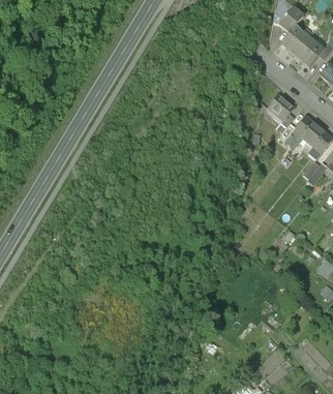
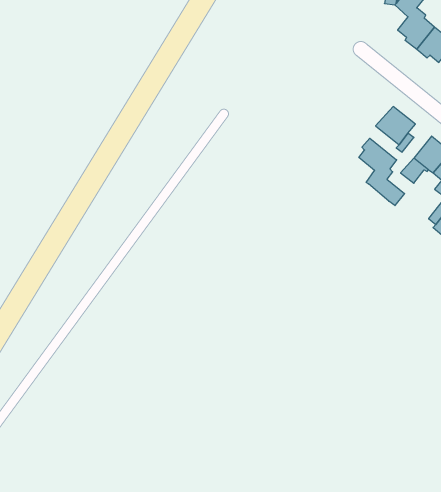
building: none -> [359,138,405,206]

